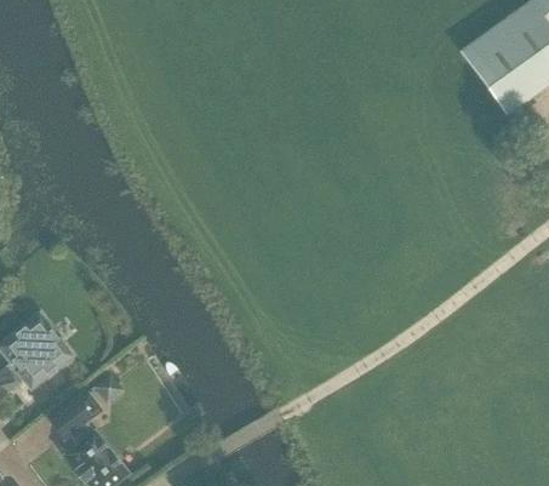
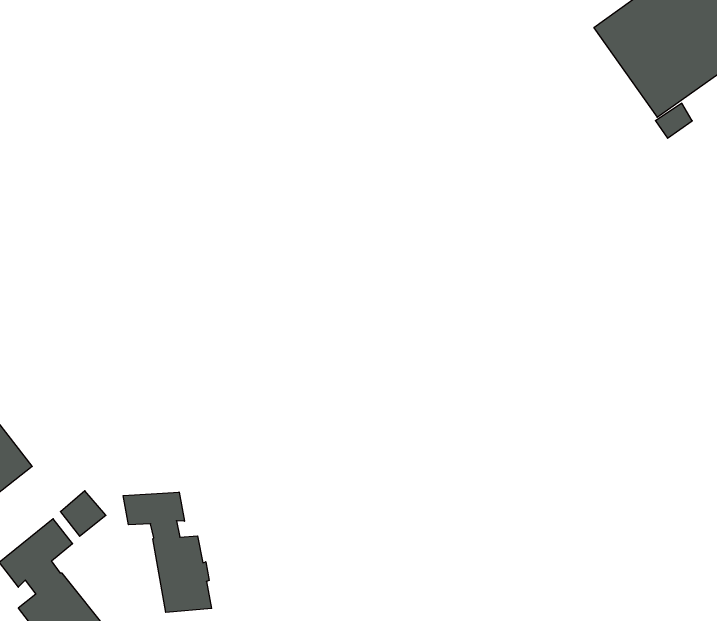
building: none -> [123,492,212,612]

